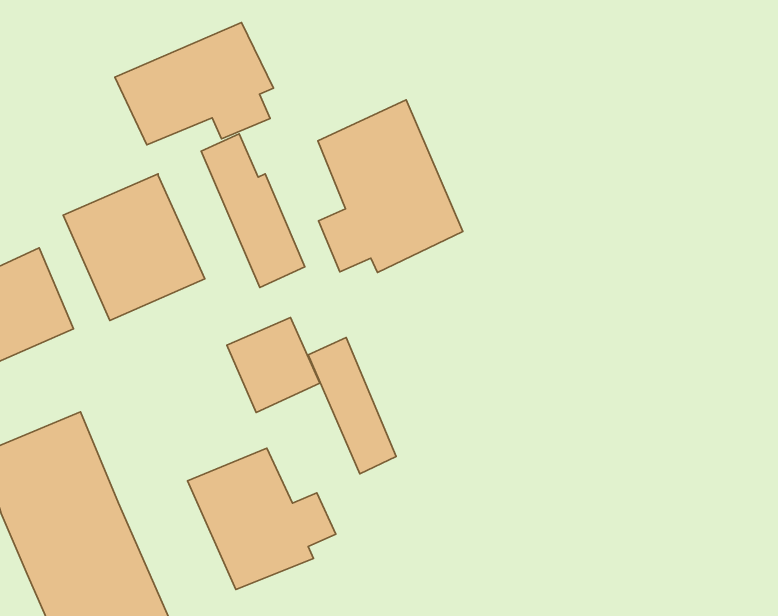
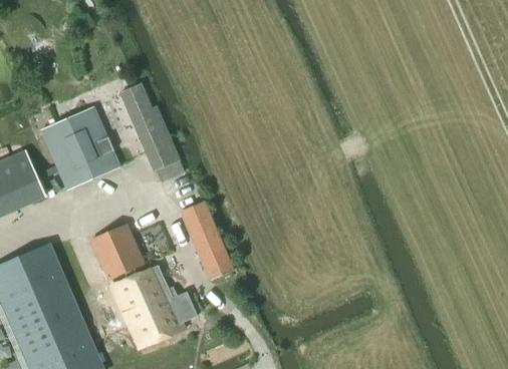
building: [115,23,274,145] -> none
building: [318,100,463,273] -> none
building: [227,318,320,412] -> [89,224,144,279]

